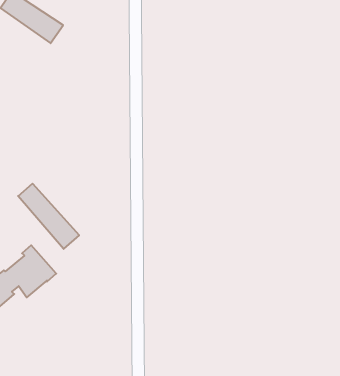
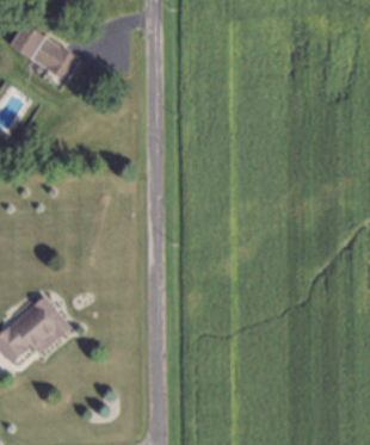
building: [18,184,79,249] -> none

